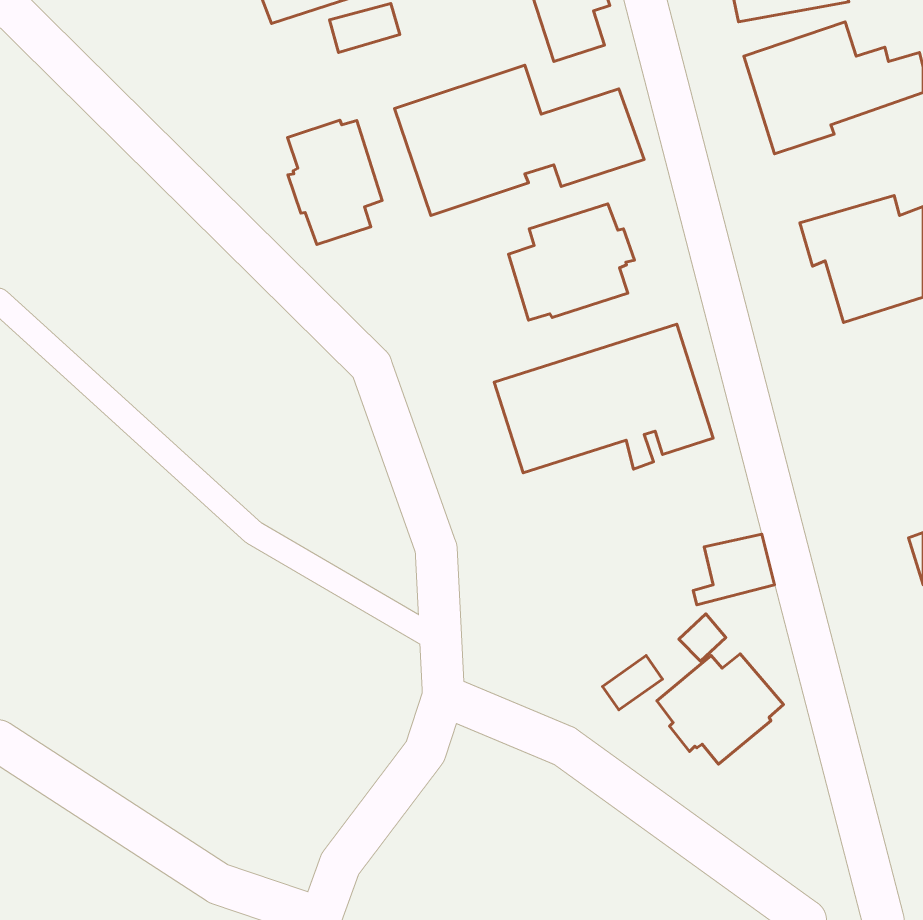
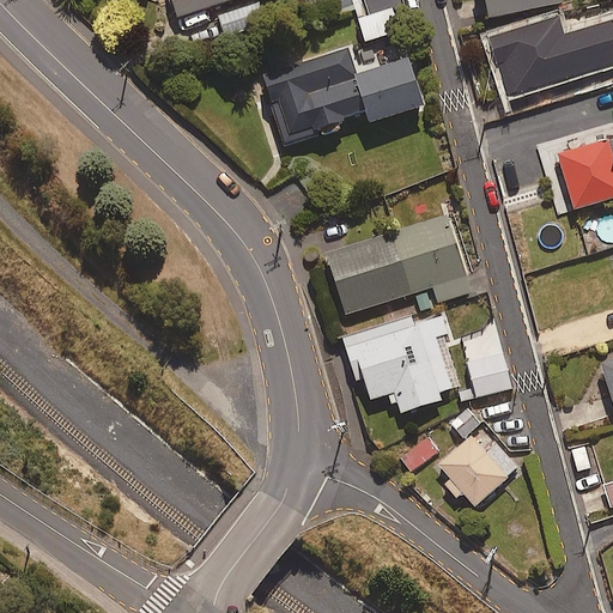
building: [288,120,382,244] -> none
building: [509,204,635,320] -> none
building: none -> [345,312,461,412]

